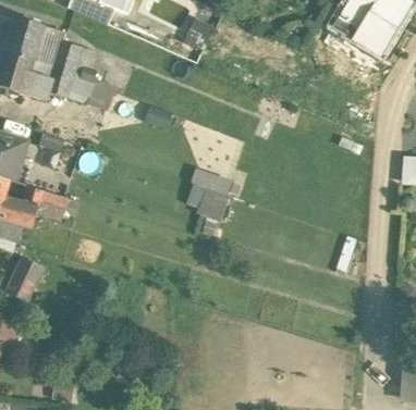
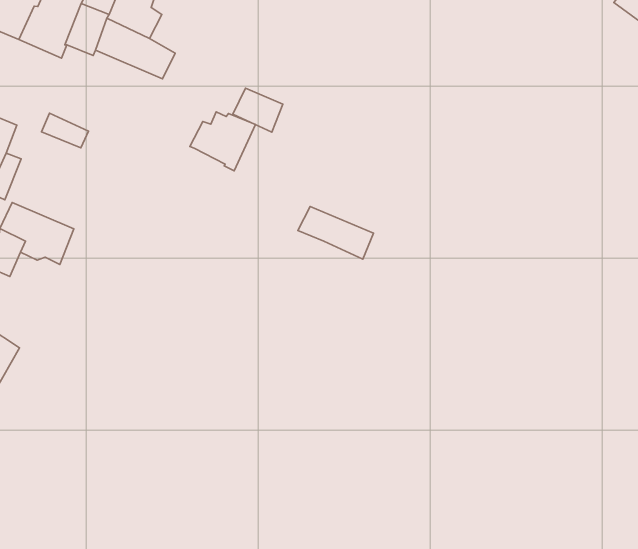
building: none -> [190,112,255,171]
building: [197,187,232,221] -> none

